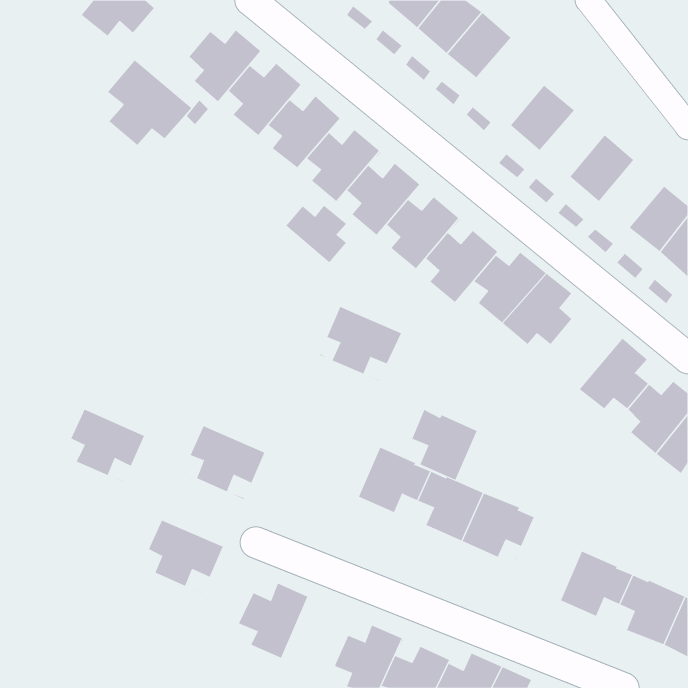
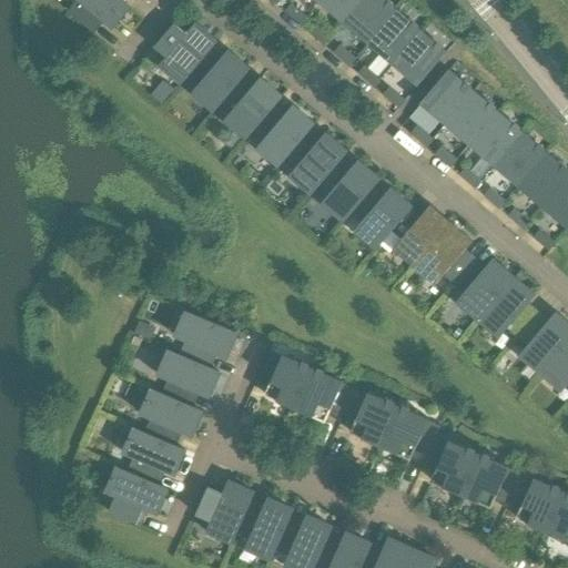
building: none -> [393,31,446,85]
building: [107,59,192,146] -> none
building: none -> [445,91,498,145]
building: none -> [494,132,547,187]
building: [285,195,356,263] -> none
building: [318,306,402,382] -> [168,311,236,373]
building: none -> [454,261,513,321]
building: [63,409,145,483] -> [133,389,201,450]
building: [412,409,478,481] -> [258,351,313,409]
building: none -> [425,426,479,495]
building: none -> [105,467,166,523]
building: none -> [232,491,293,559]

